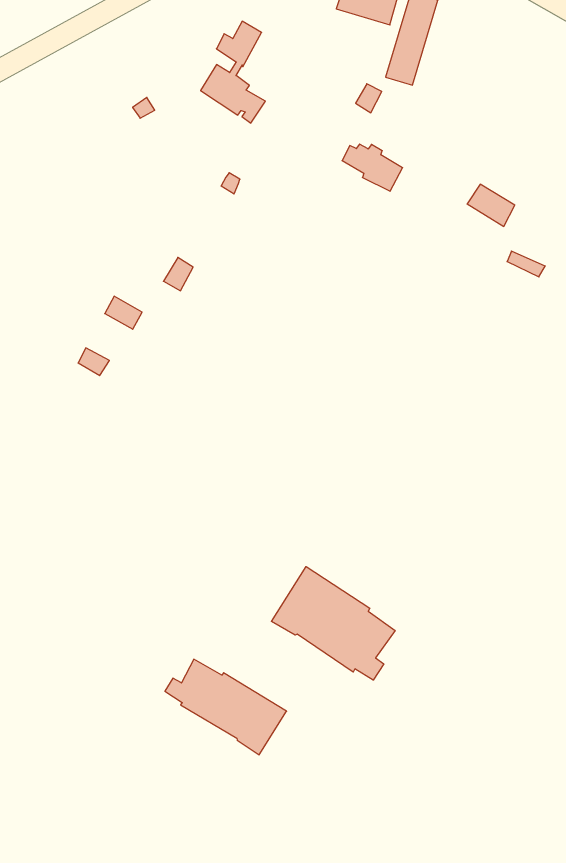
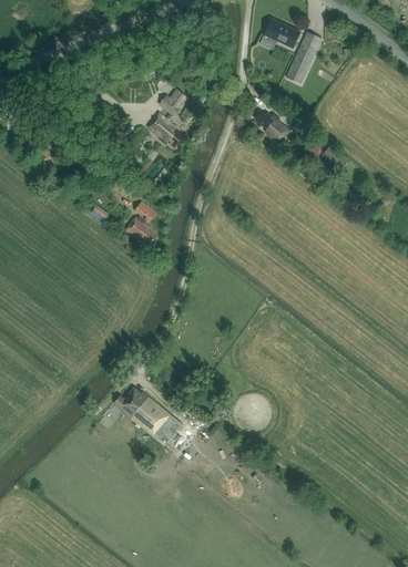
building: [201,21,265,123] -> [147,90,186,147]
building: none -> [125,202,155,244]
building: [271,567,395,680] -> none

